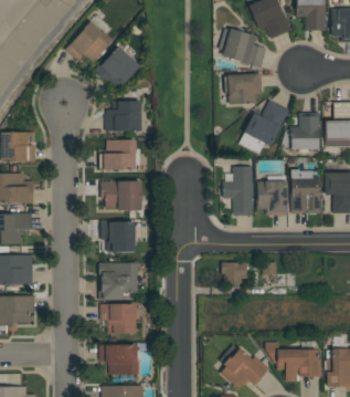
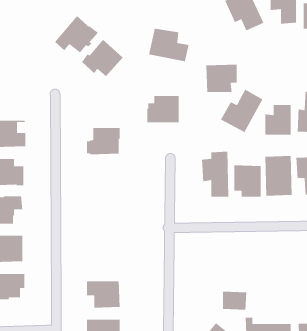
building: [222,30,266,66] -> [148,28,189,62]
building: [106,102,141,132] -> [146,95,180,123]
building: [102,181,144,211] -> none
building: [102,221,142,252] -> none
building: [221,262,247,283] -> [222,291,247,311]
building: [99,263,138,300] -> none

